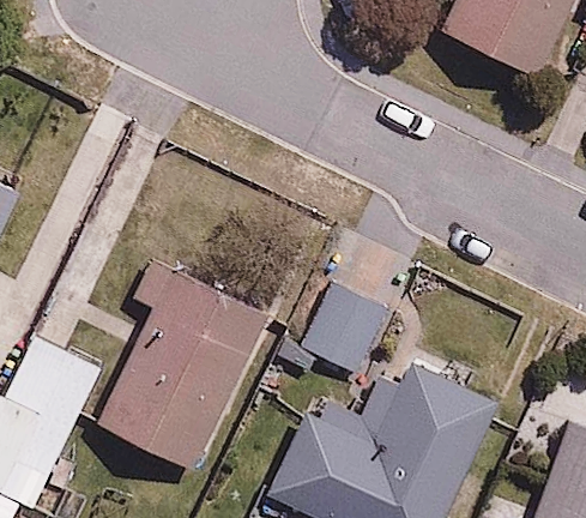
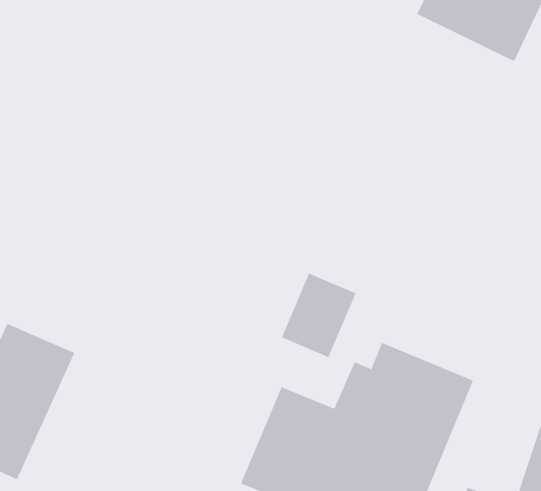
building: [103,272,272,475] -> none

